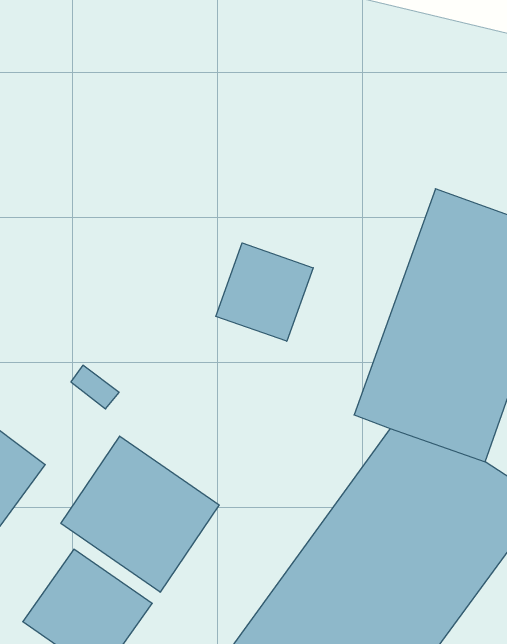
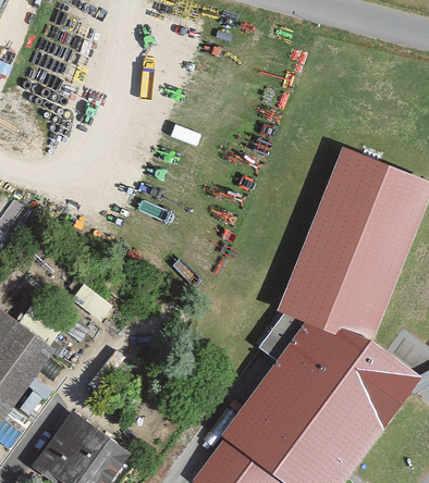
building: [216,243,313,341] -> none
building: [61,436,219,592] -> none

